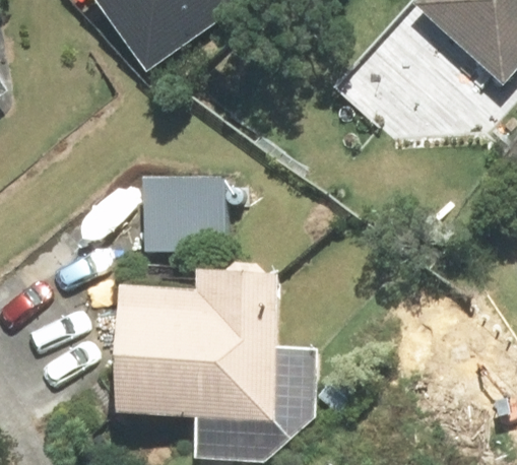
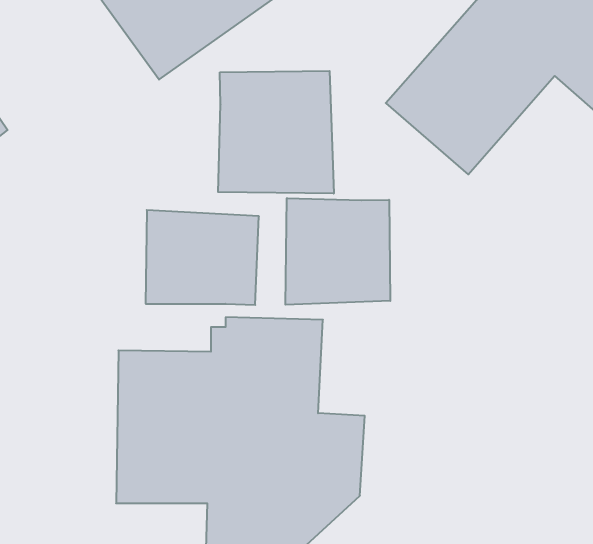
building: none -> [218,71,334,194]
building: none -> [285,198,390,305]

